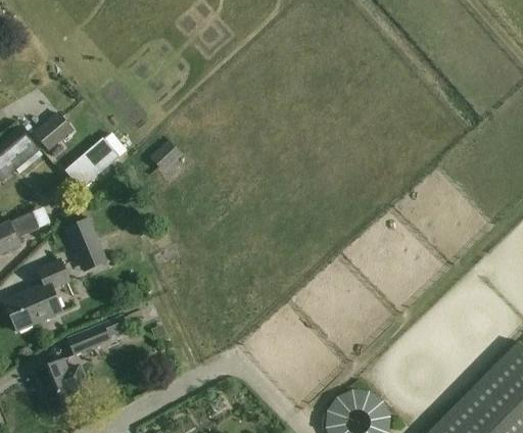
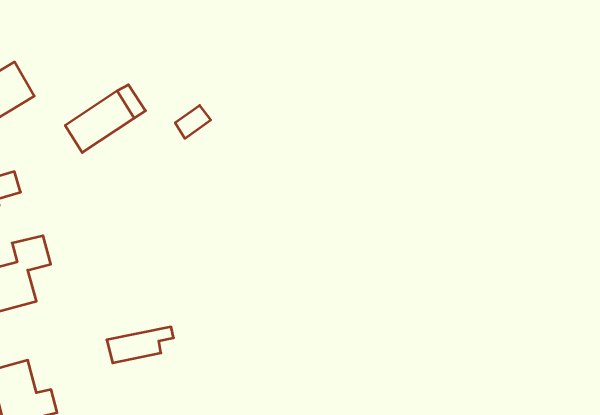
building: [34,111,75,151] -> none
building: [66,219,106,272] -> none
building: [66,321,118,355] -> [107,327,174,363]

